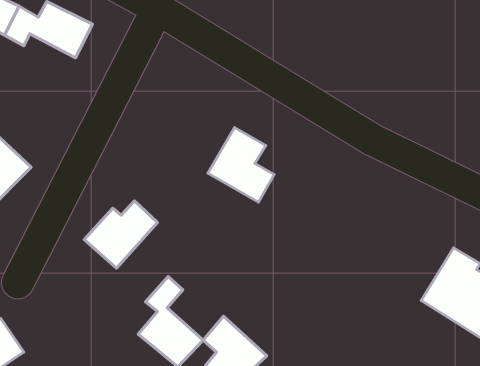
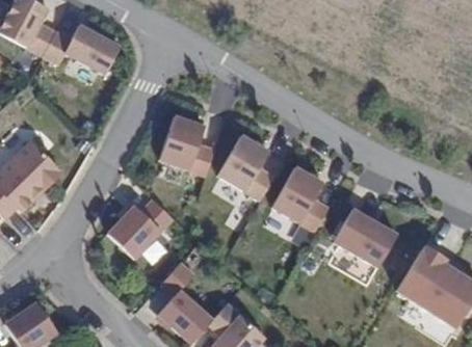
building: none -> [156,116,215,178]
building: none -> [269,167,330,234]
building: none -> [331,210,395,268]

